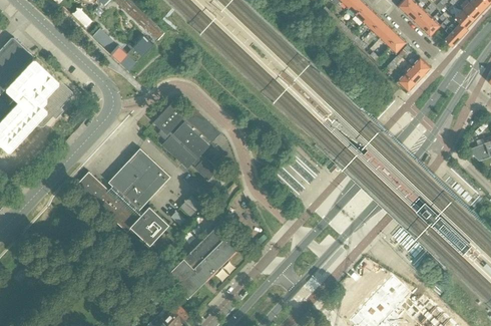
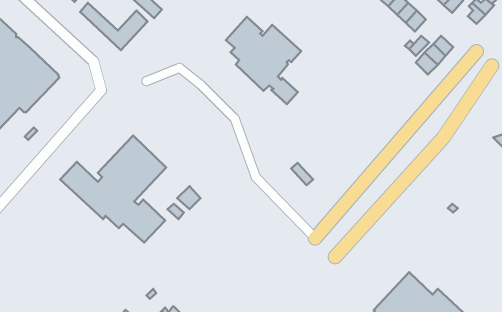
building: [153,101,221,181] -> [226,17,301,104]
building: [166,223,241,298] -> none

